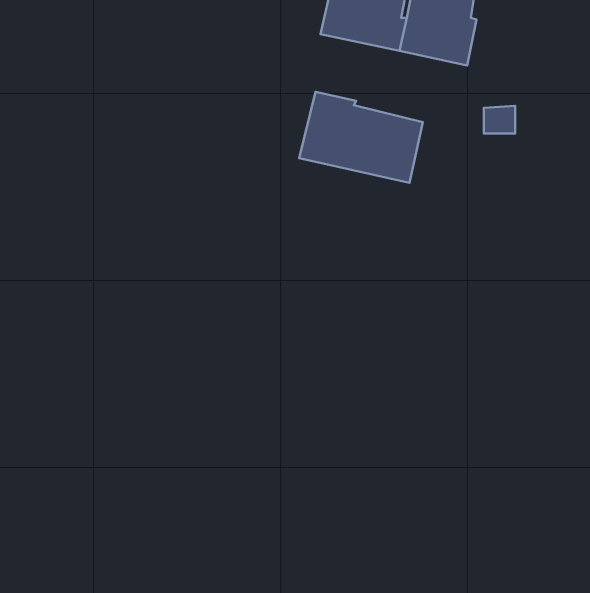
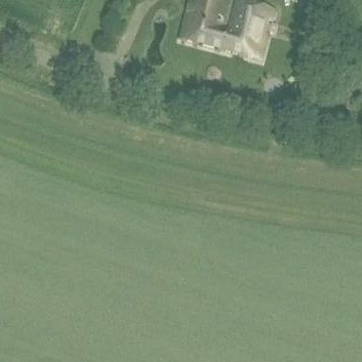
building: [299,92,423,183] -> none

